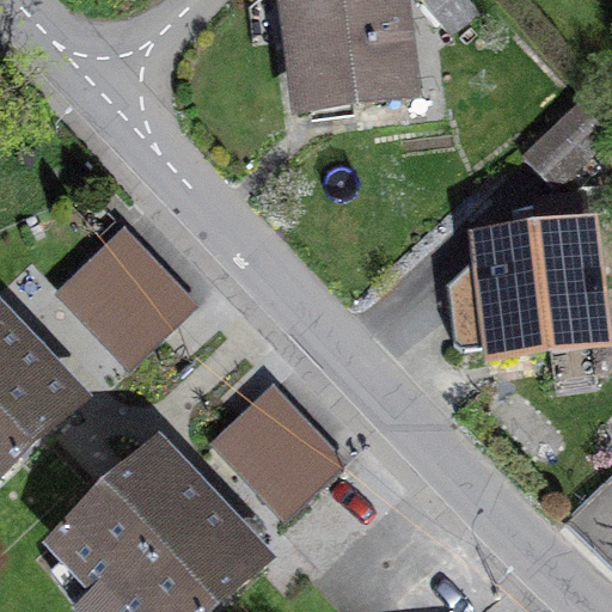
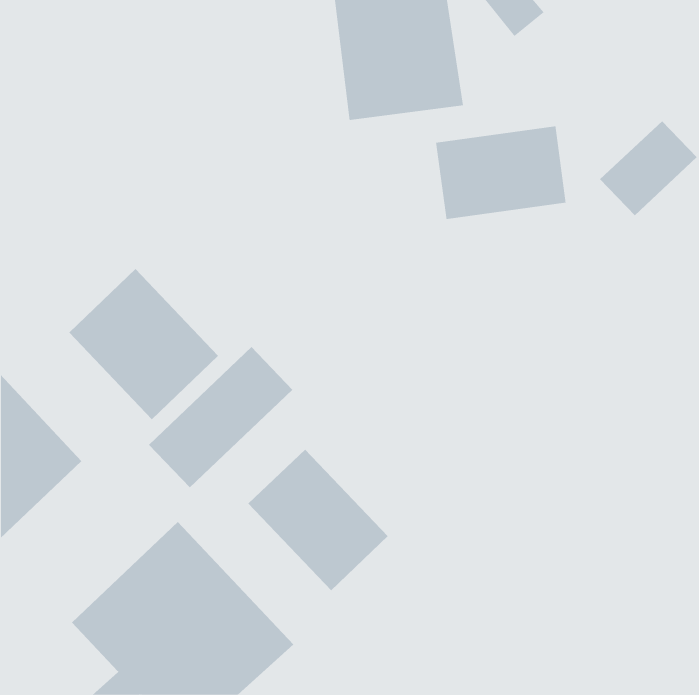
building: none -> [436,125,566,220]
building: [446,197,598,351] -> none
building: none -> [148,346,293,488]

